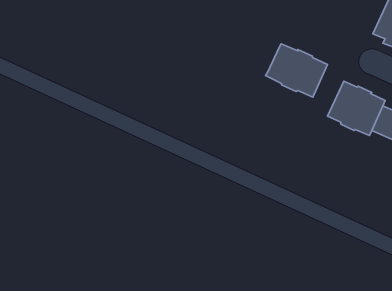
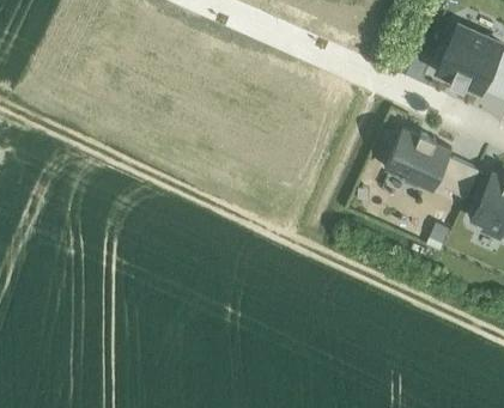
building: [266,44,328,97] -> none

